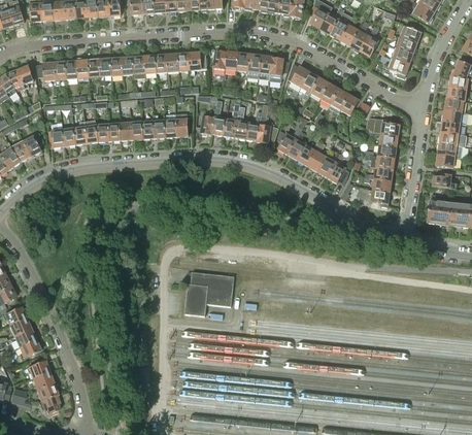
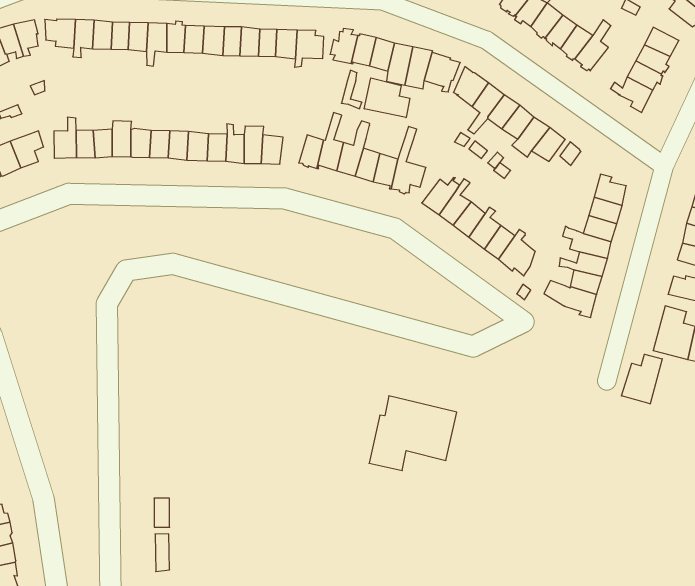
building: none -> [364,78,410,118]
building: none -> [621,354,662,404]
building: [184,270,234,314] -> [369,396,457,471]

